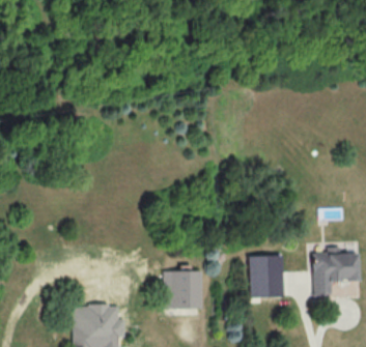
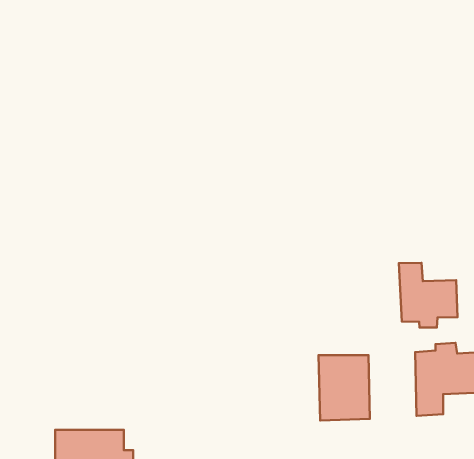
building: none -> [399,263,458,327]
building: [163,270,201,309] -> none

